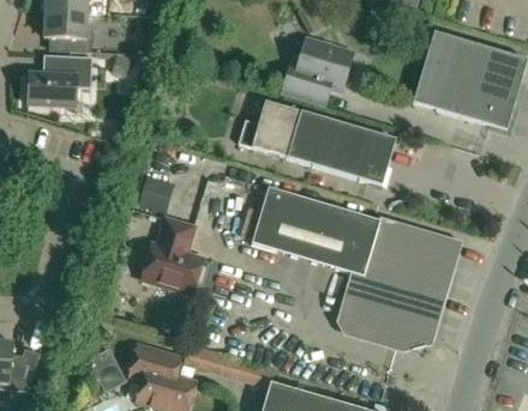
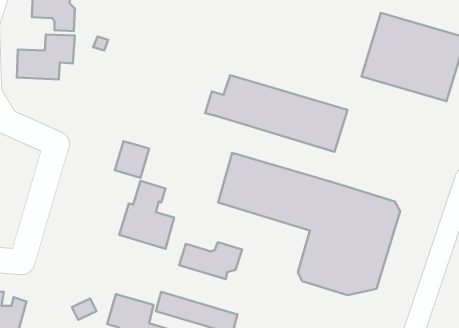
building: [282,37,353,98] -> none
building: none -> [179,242,242,279]

